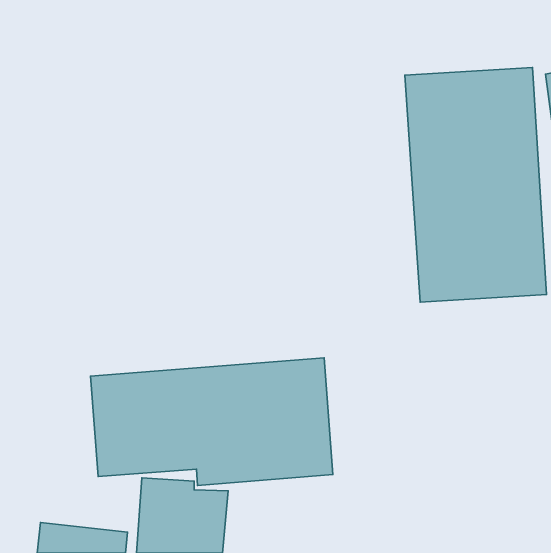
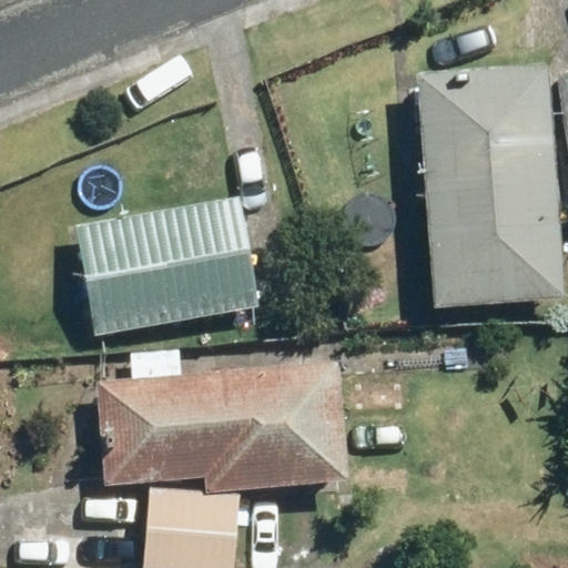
building: none -> [77,196,258,335]

